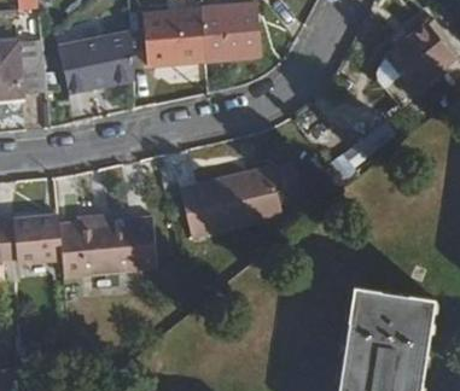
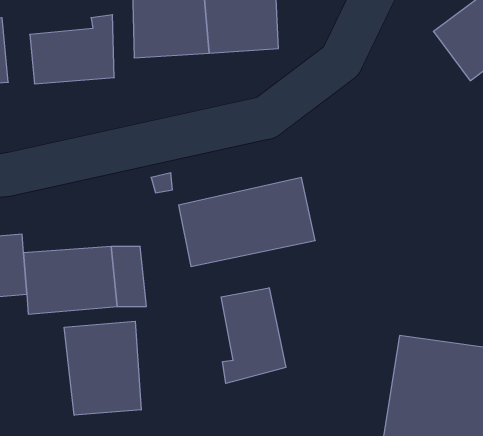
building: none -> [221,288,286,383]
building: none -> [64,321,141,415]

